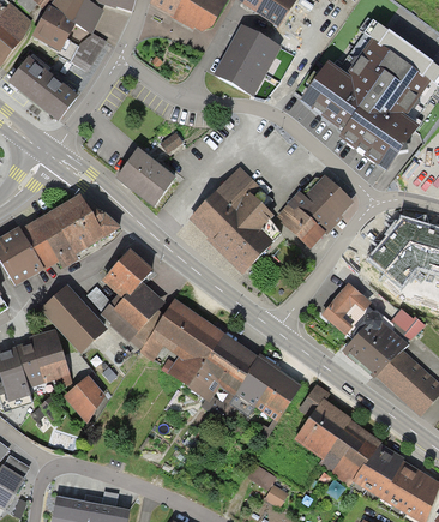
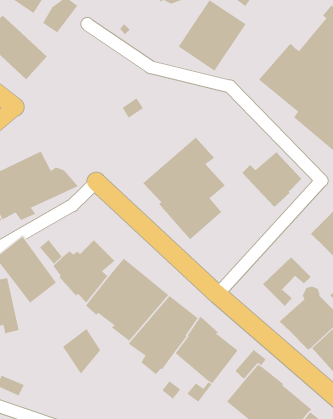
building: [114,148,175,206] -> none
building: [276,199,325,248] -> none
building: [101,247,152,298] -> none
building: [64,373,104,422] -> [62,328,101,375]

